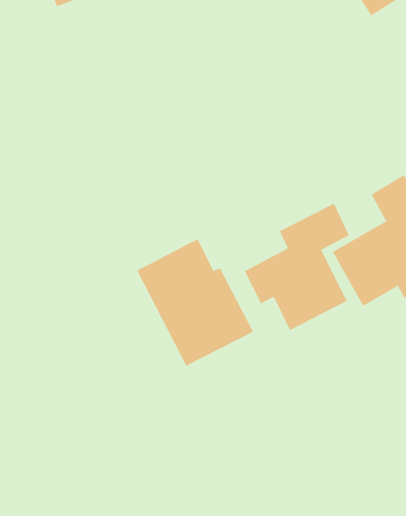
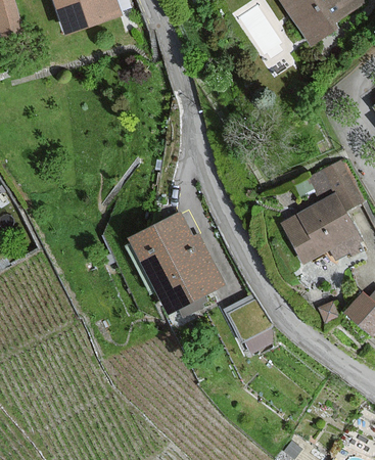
building: [244,203,350,331] -> none

